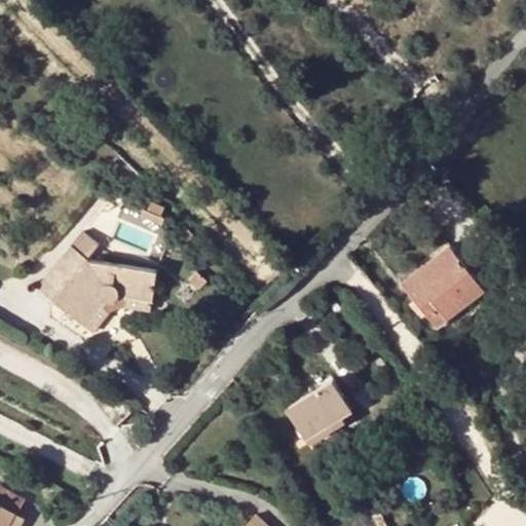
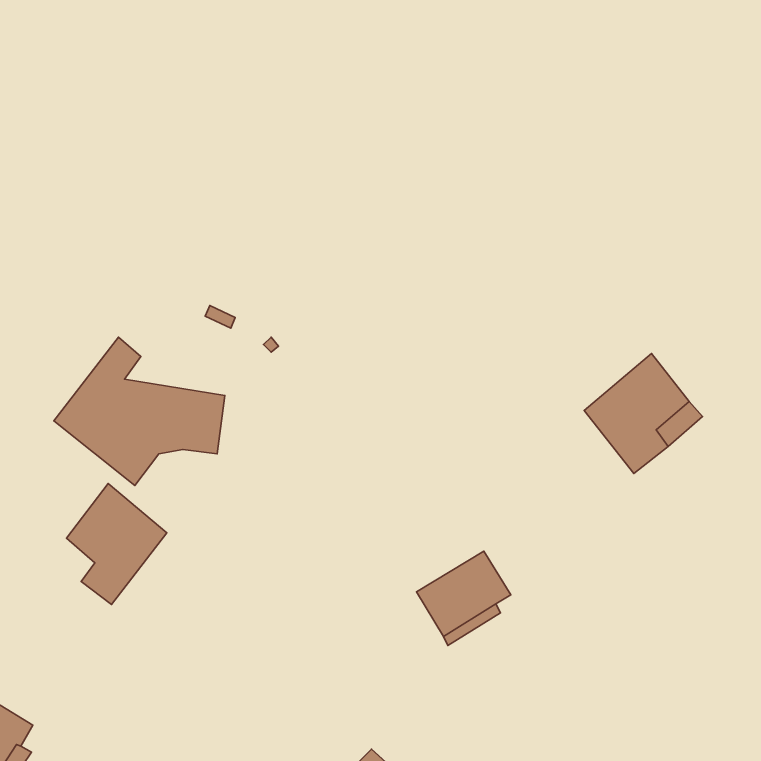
building: none -> [66,483,167,605]

